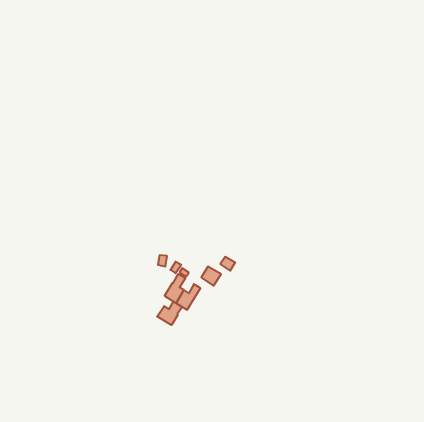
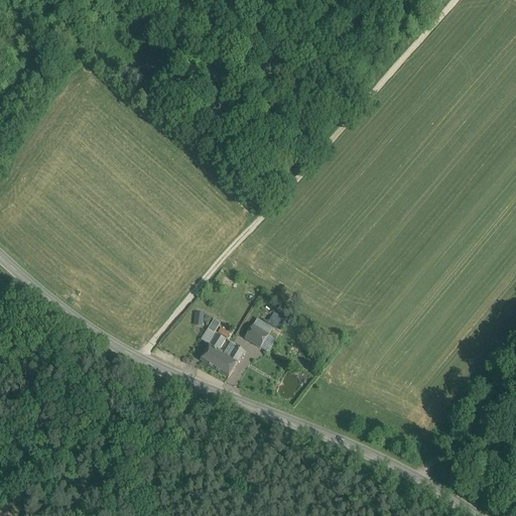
building: [157,301,182,325] -> none

